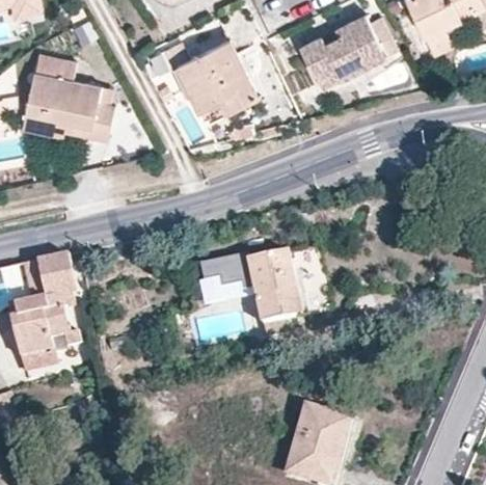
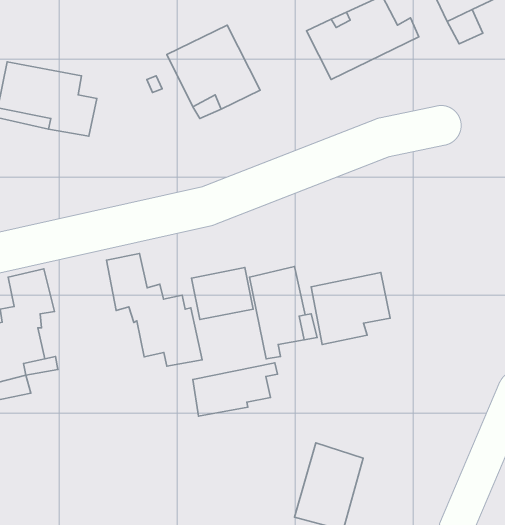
building: none -> [107,254,202,366]
building: none -> [311,272,390,345]
building: none -> [193,363,278,416]

